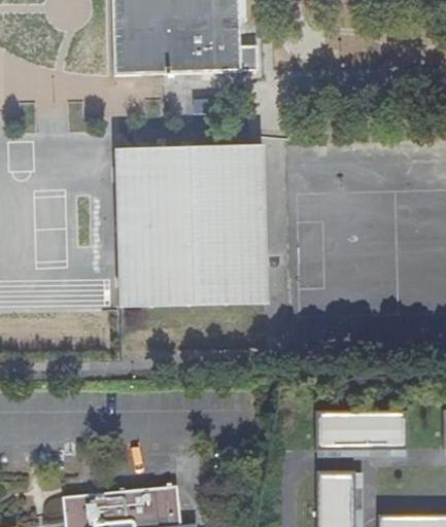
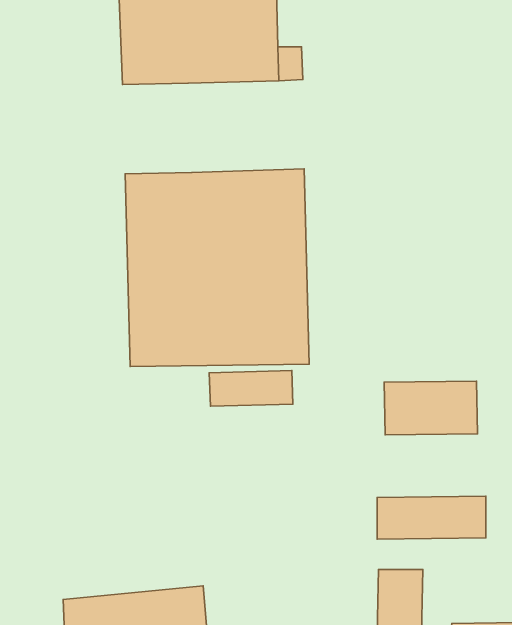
building: none -> [209,371,293,406]
building: none -> [384,381,478,435]

